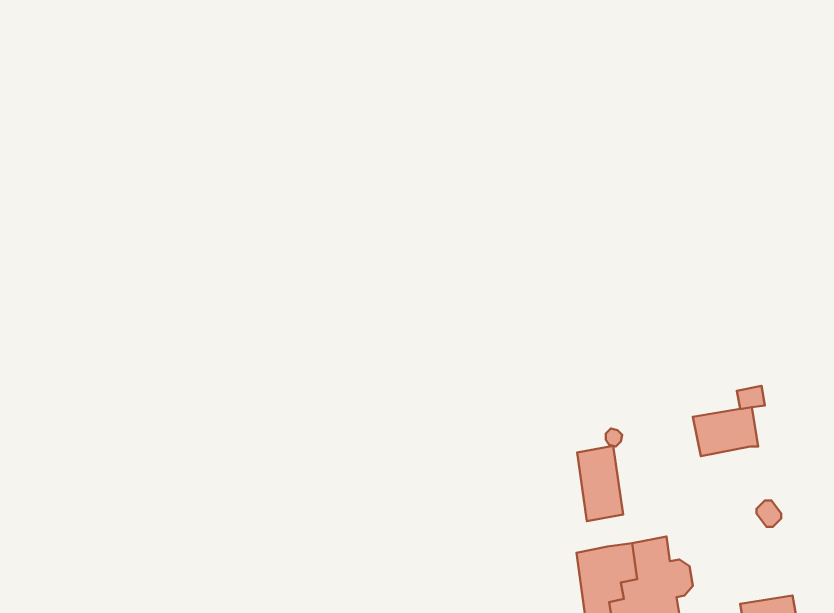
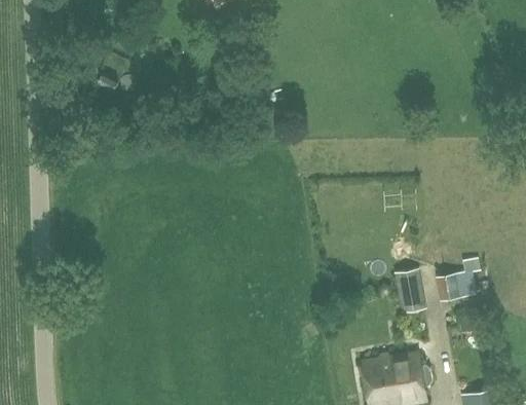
building: [577,446,623,521] -> [394,265,423,312]

